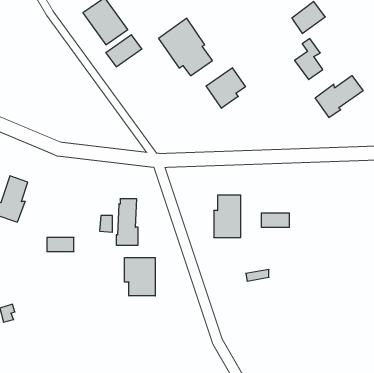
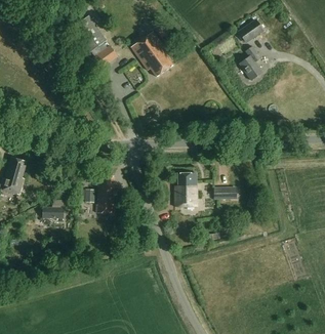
building: [206,68,245,108] -> none
building: [315,76,363,118] -> none
building: [125,258,155,296] -> none

